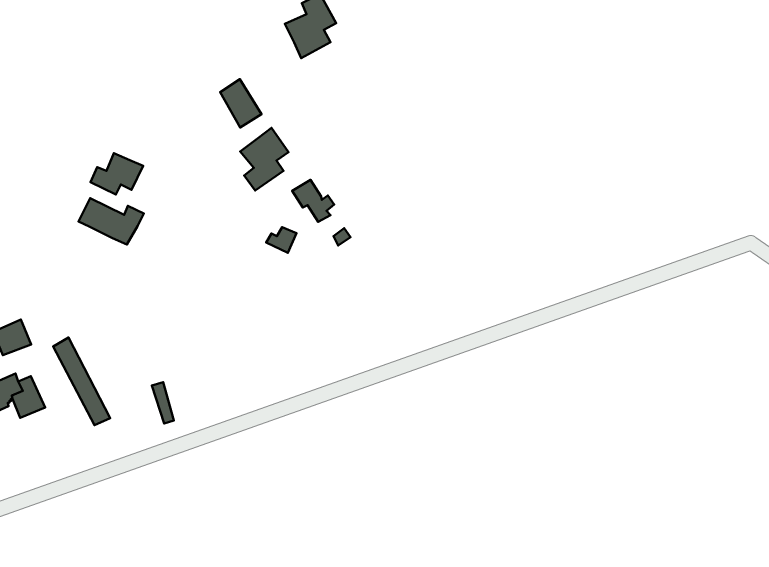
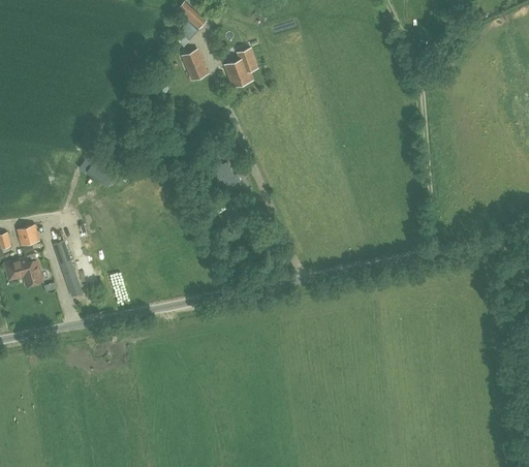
building: [220,79,262,127] -> [183,50,207,80]
building: [240,128,289,190] -> none
building: [90,153,143,195] -> none

